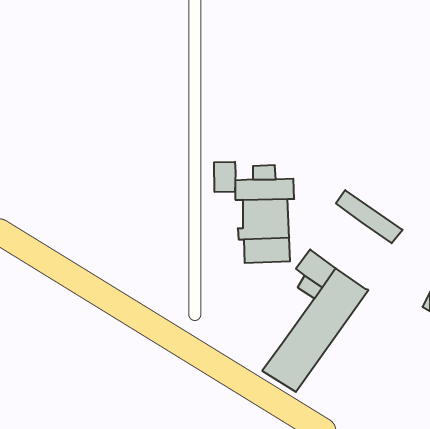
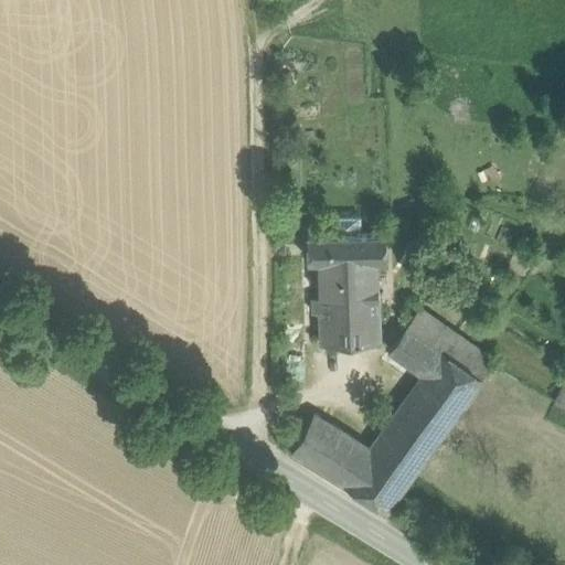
building: [214,162,235,192] -> none
building: [336,190,403,243] -> [406,311,493,381]
building: none -> [290,417,370,488]

